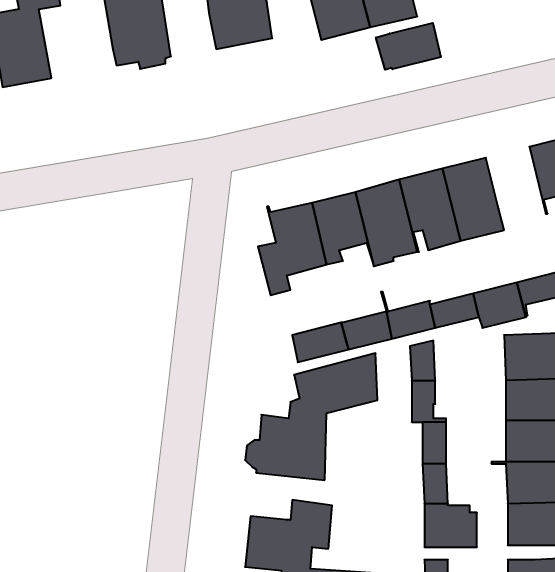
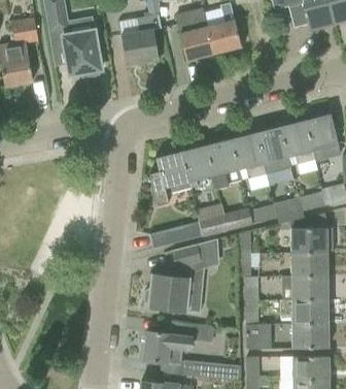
building: [376,23,441,70] -> none
building: none -> [280,121,314,164]

